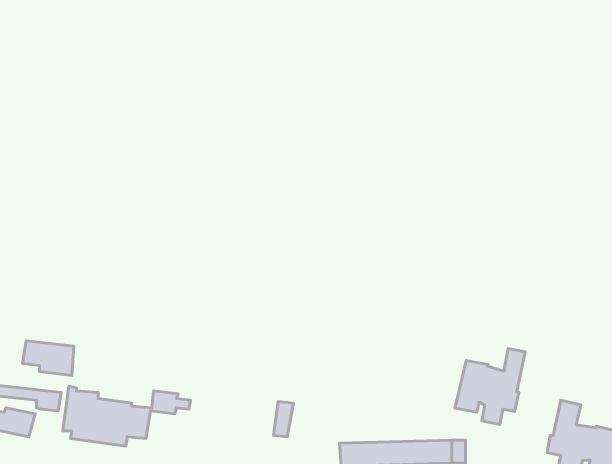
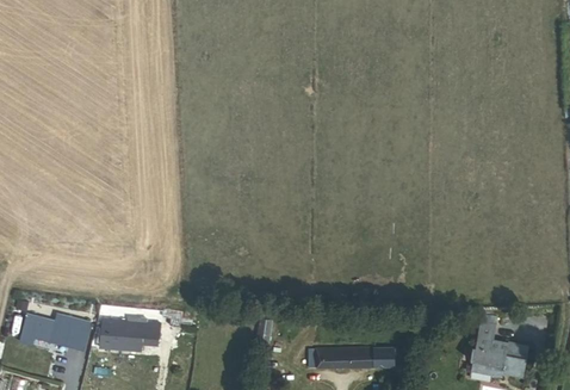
building: [23,341,74,375] -> none
building: [455,348,525,425] -> none

